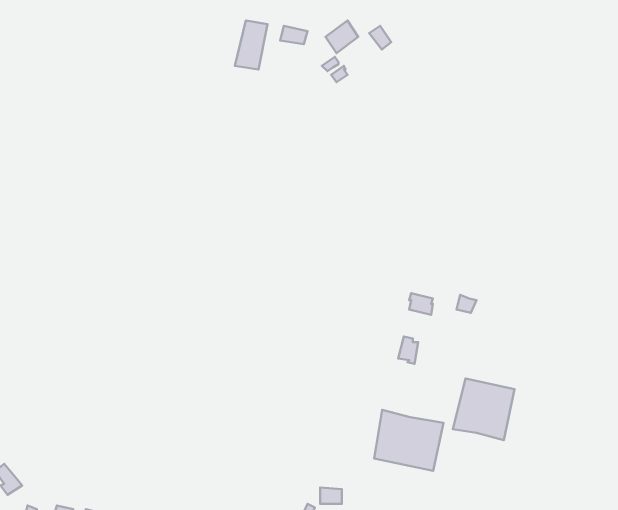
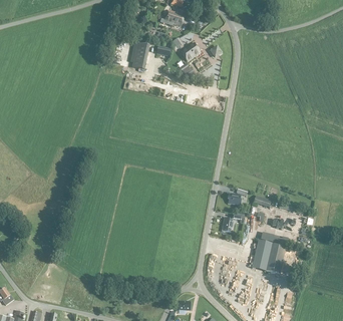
building: [374,410,444,471] -> none

